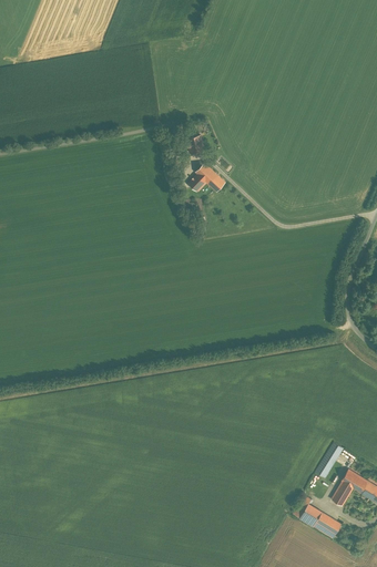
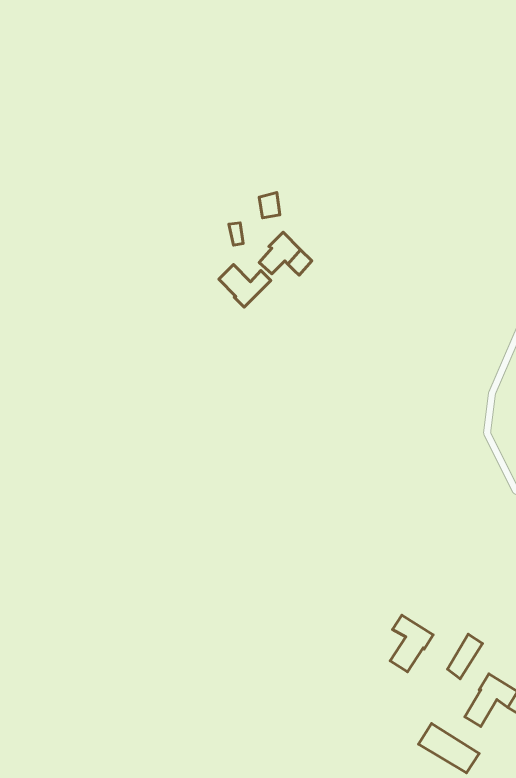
building: none -> [219,265,271,307]
building: none -> [390,615,433,672]

